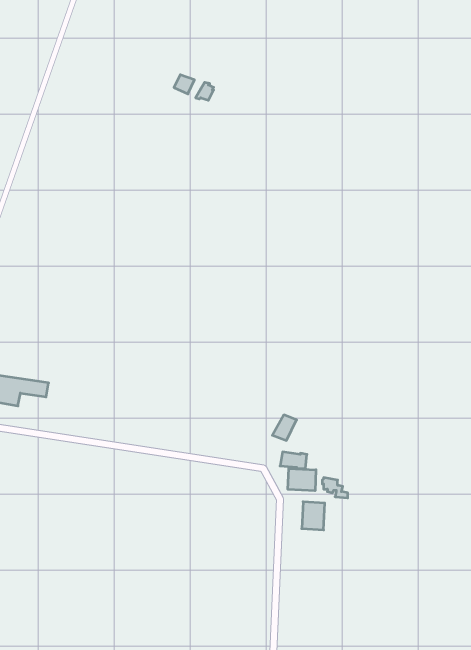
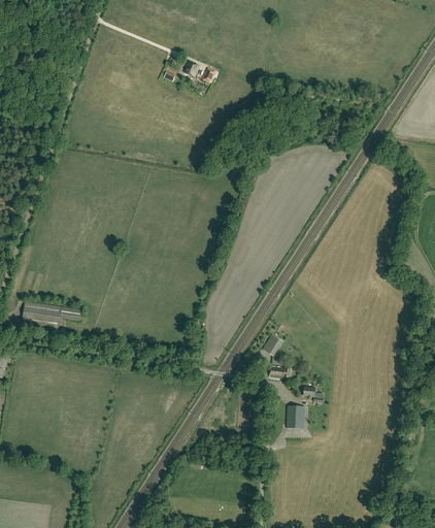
building: [288,468,316,491] -> none

